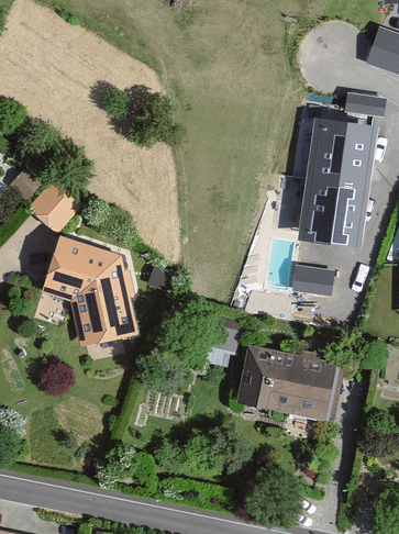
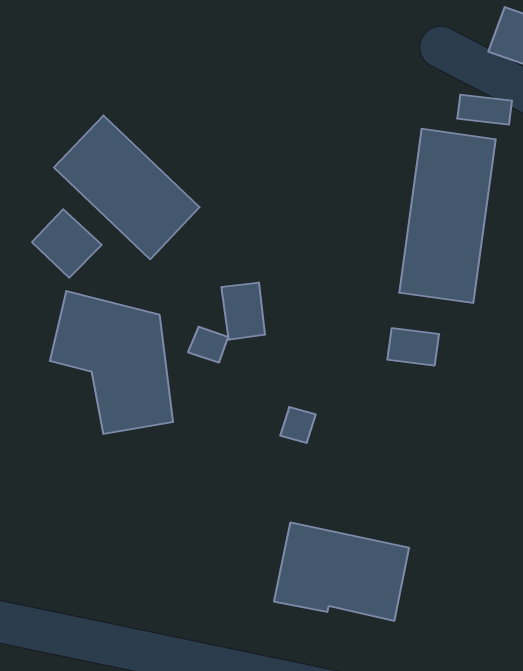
building: none -> [54,115,200,259]
building: none -> [222,282,265,340]
building: [235,344,335,416] -> [274,523,409,621]

